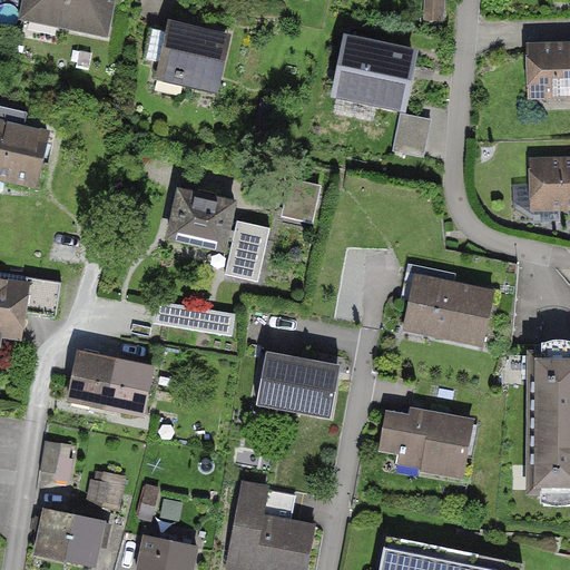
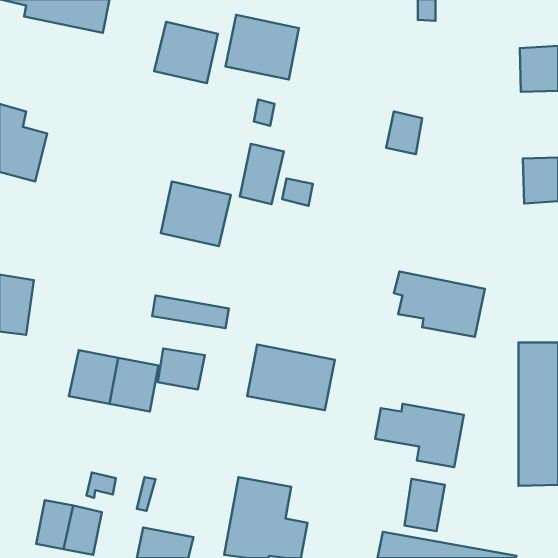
building: [337,41,412,107] -> [225,15,299,79]
building: [224,219,268,281] -> [240,144,284,204]
building: none -> [158,348,205,390]
building: [41,440,79,482] -> none
building: none -> [404,479,445,531]

